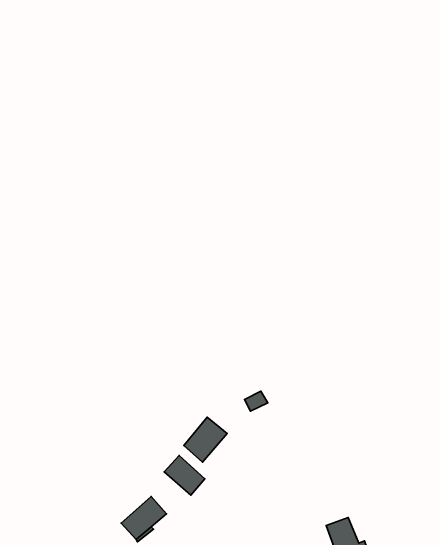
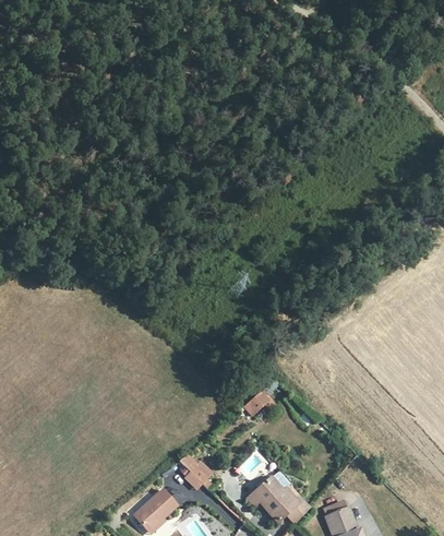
building: [184,417,227,462] -> none
building: none -> [253,478,301,523]

